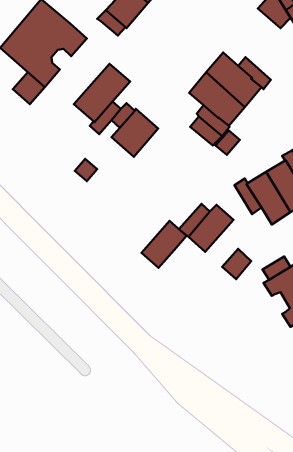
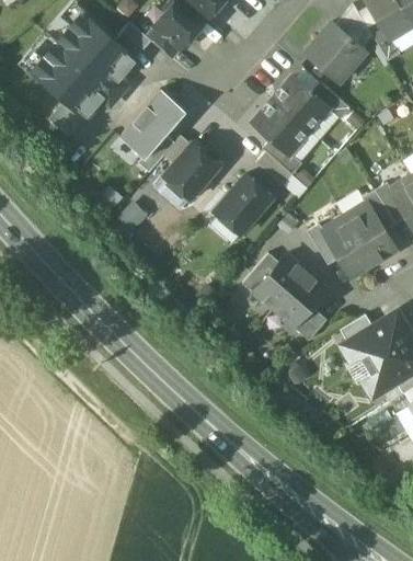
building: none -> [306,22,365,80]
building: none -> [115,23,151,59]
building: none -> [214,173,272,232]
building: [141,221,186,268] -> [273,271,325,325]

